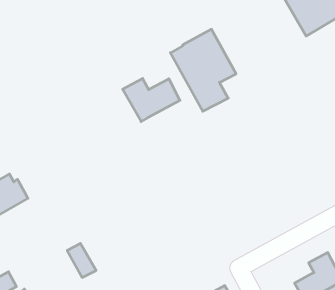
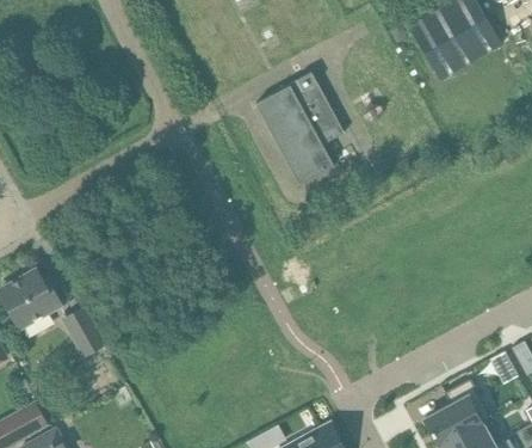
building: [123,78,180,122] -> none
building: [67,243,96,277] -> [64,308,104,355]

